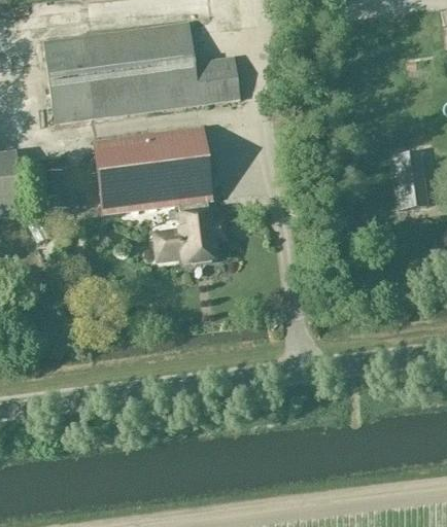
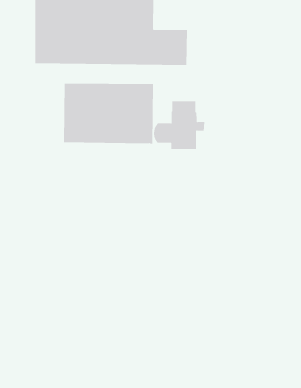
building: [162,200,224,262] -> [153,101,205,150]

